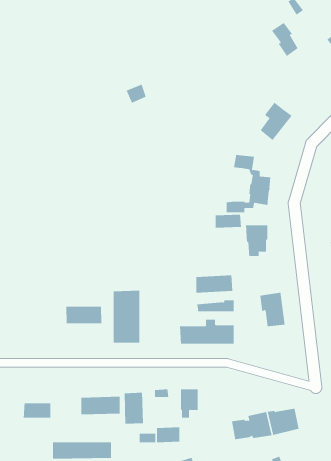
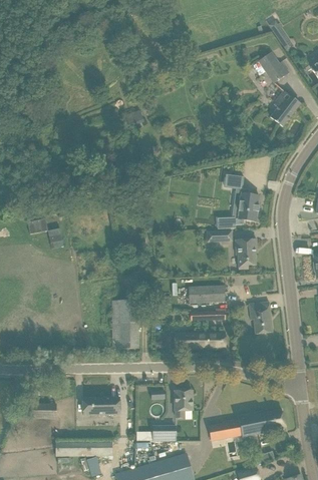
building: [260,102,292,141] -> [270,90,300,126]
building: [66,306,102,324] -> none
building: [124,392,143,425] -> none

